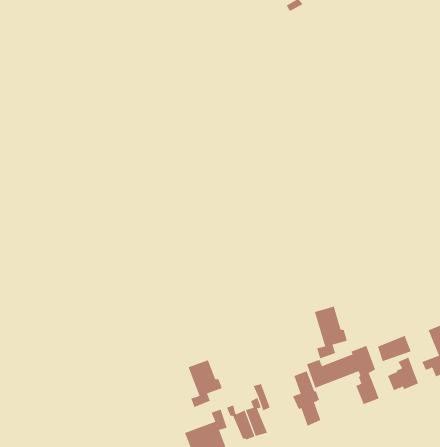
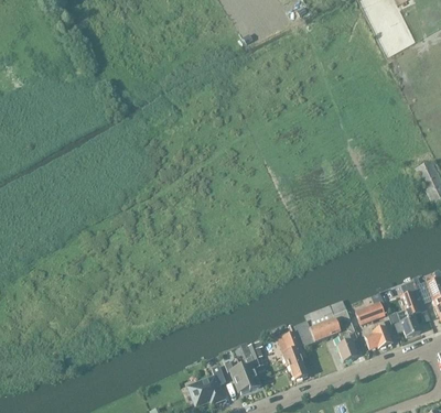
building: [314,306,347,359] -> none
building: [188,359,222,408] -> none

